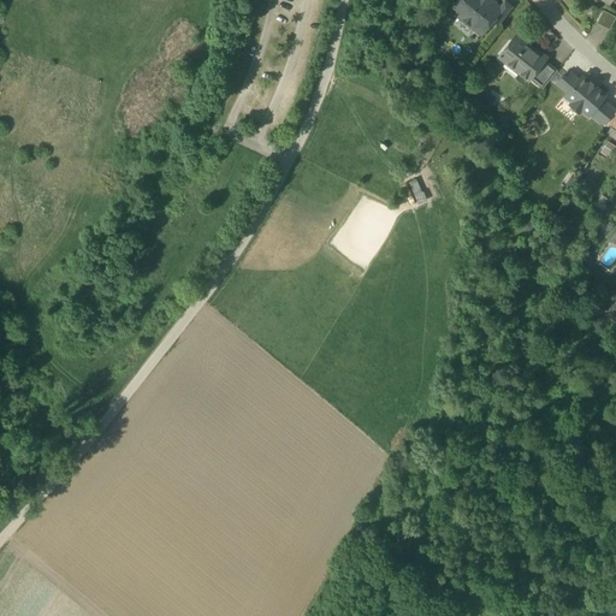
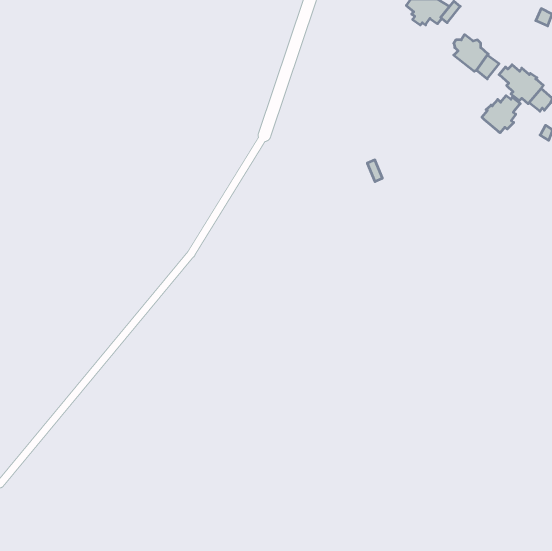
building: none -> [482,96,520,133]

